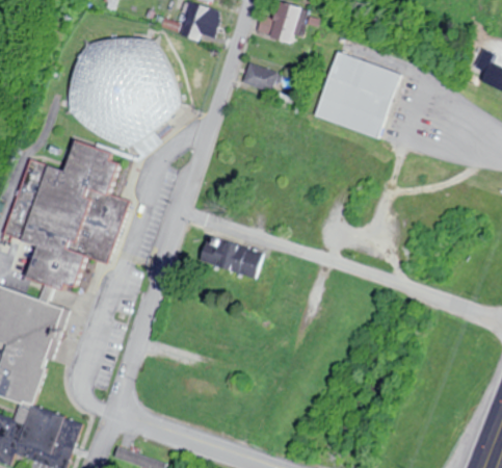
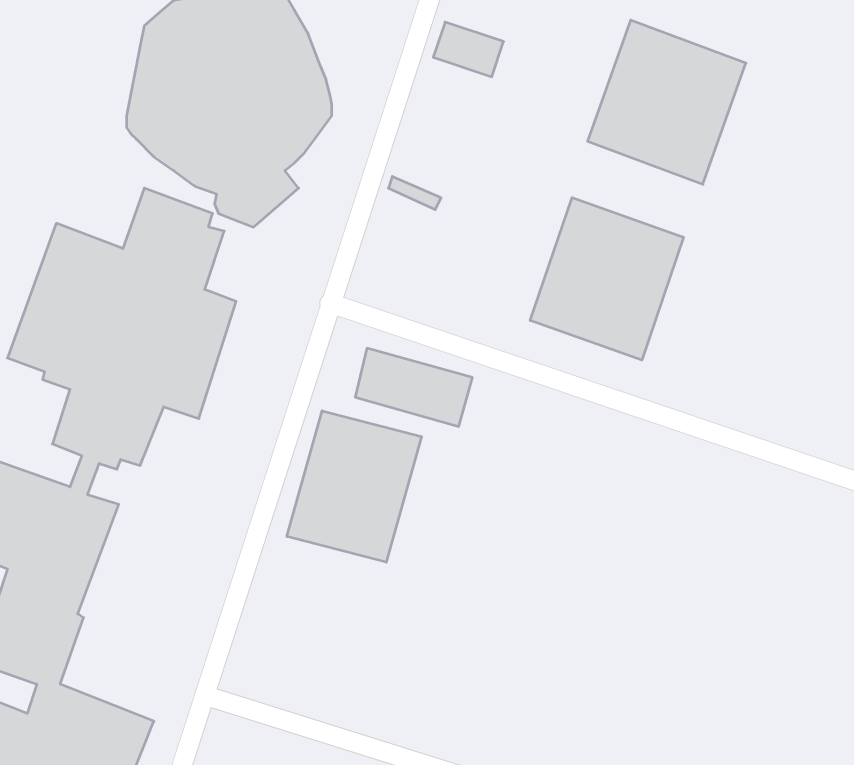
building: none -> [530,198,683,360]
building: none -> [287,411,422,562]

